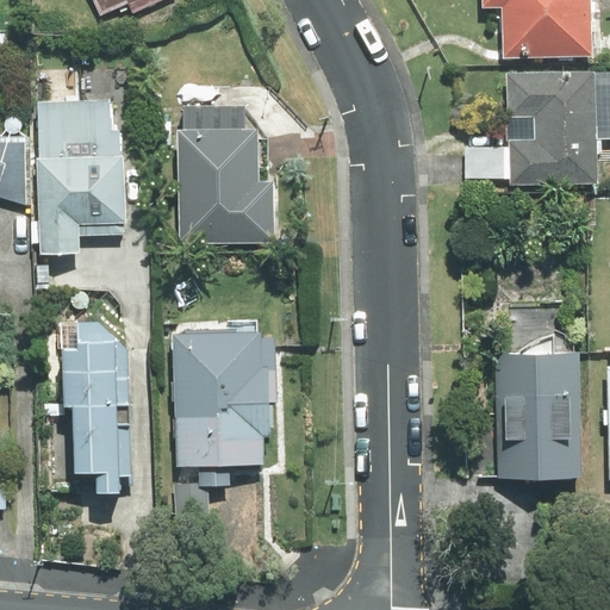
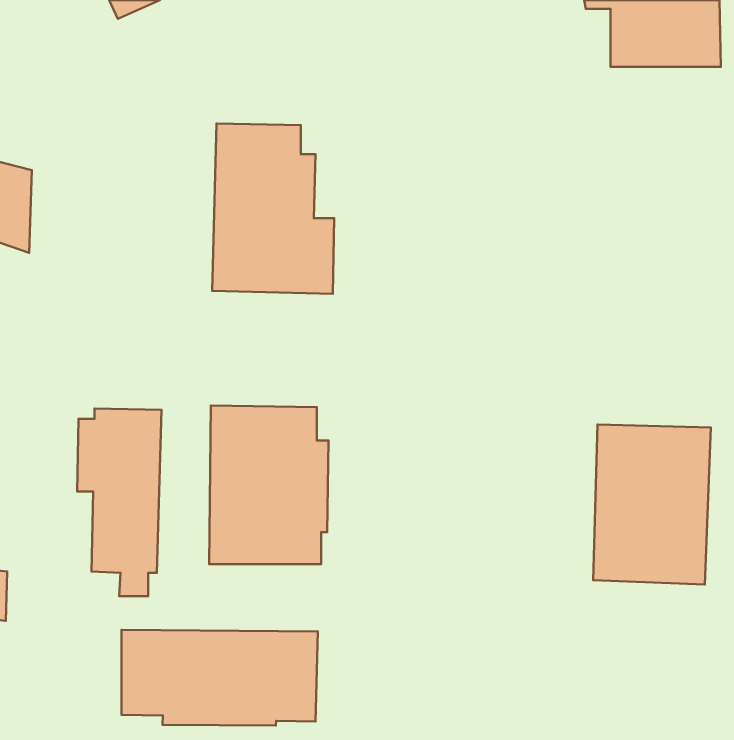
building: [460,70,596,185] -> none
building: [37,100,125,255] -> none
building: none -> [121,630,318,725]

